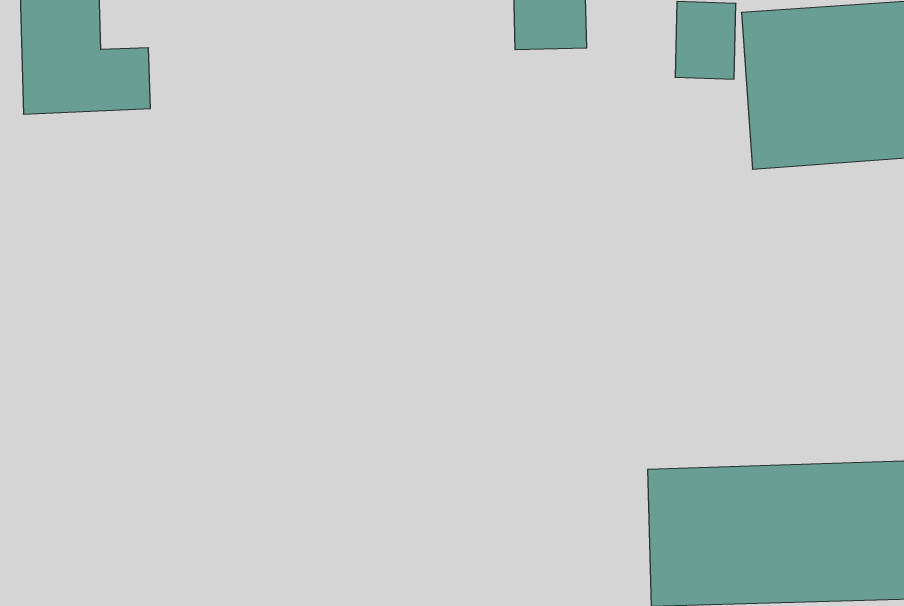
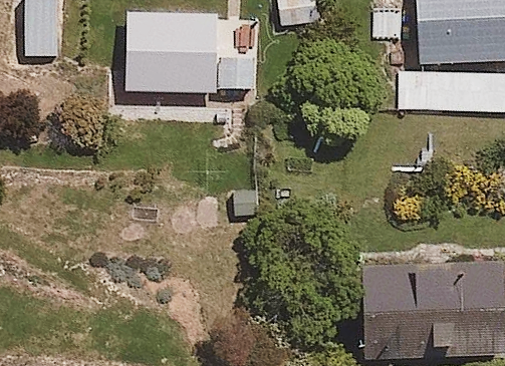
building: none -> [129,16,253,99]

